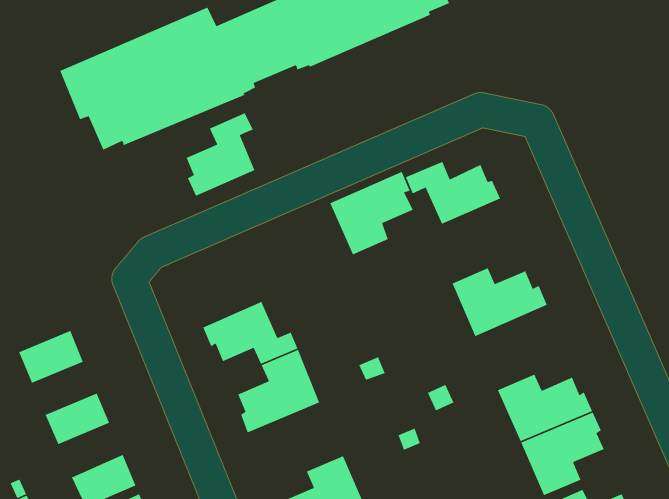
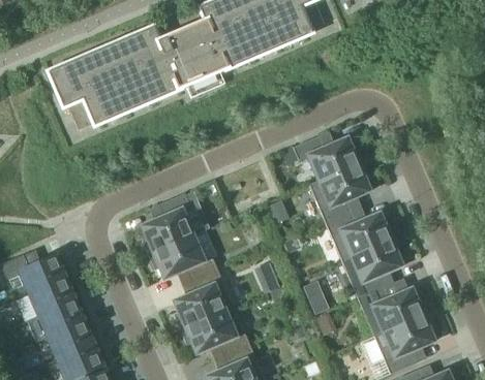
building: [185,112,255,197] -> [143,193,192,253]
building: [329,171,414,255] -> [310,162,370,222]
building: none -> [343,237,402,297]
building: none -> [29,278,75,315]
building: none -> [182,307,250,355]
building: none -> [48,321,94,359]

